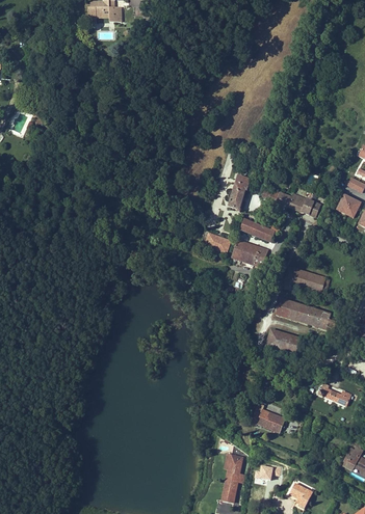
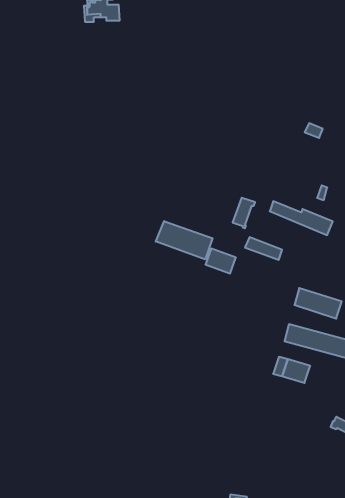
building: none -> [156,221,212,259]
building: [230,239,266,266] -> none
building: [249,403,284,433] -> none

